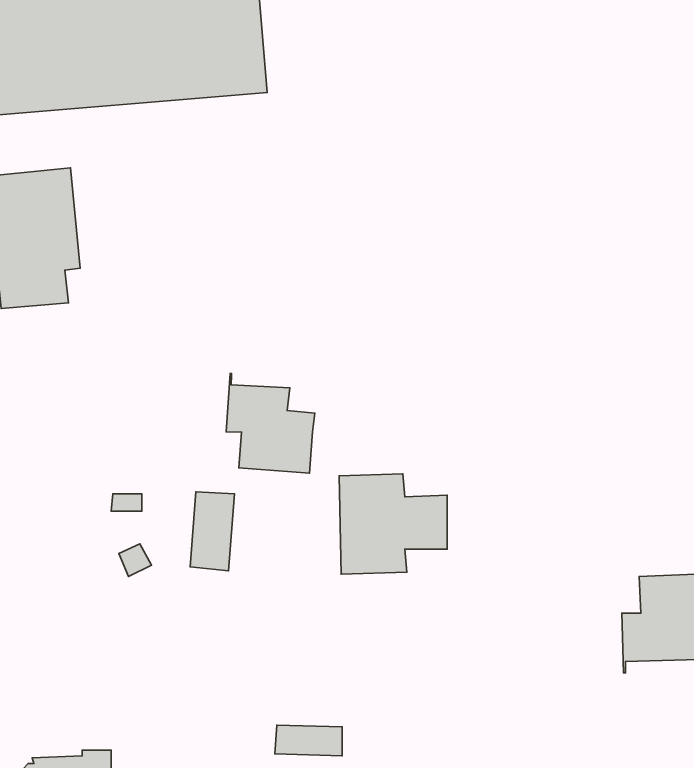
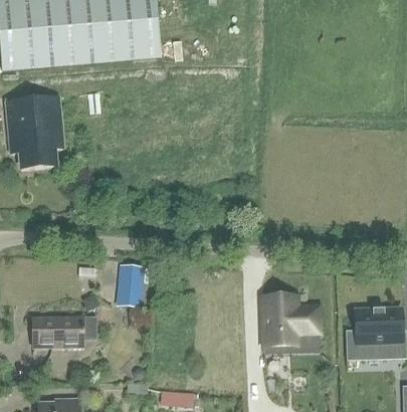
building: [226,373,315,473] -> none
building: [339,474,447,574] -> [263,293,320,346]
building: none -> [33,317,85,348]

